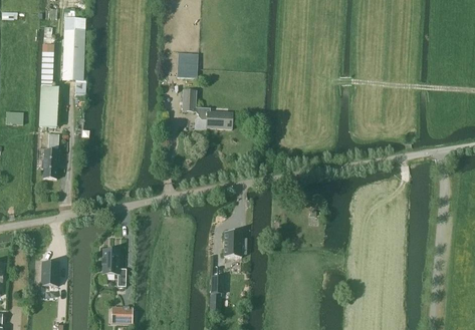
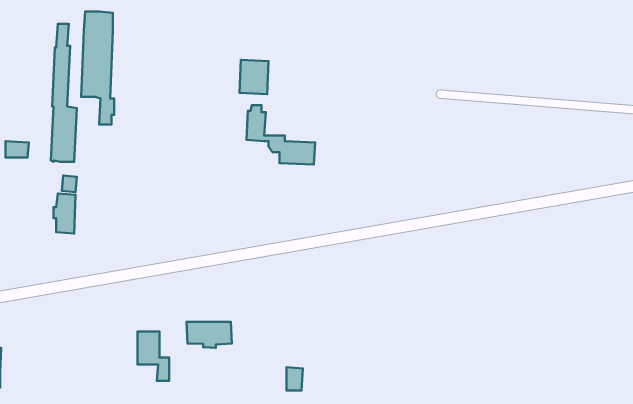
building: [224,232,246,257] -> none
building: none -> [187,322,232,348]
building: [40,262,58,286] -> none

